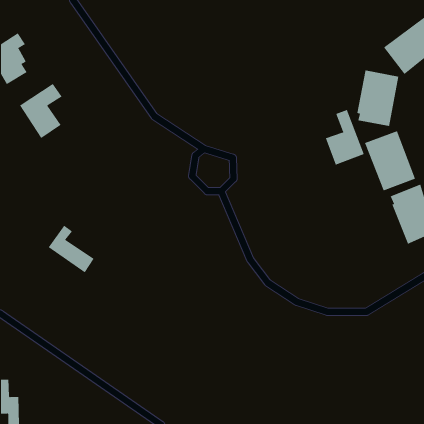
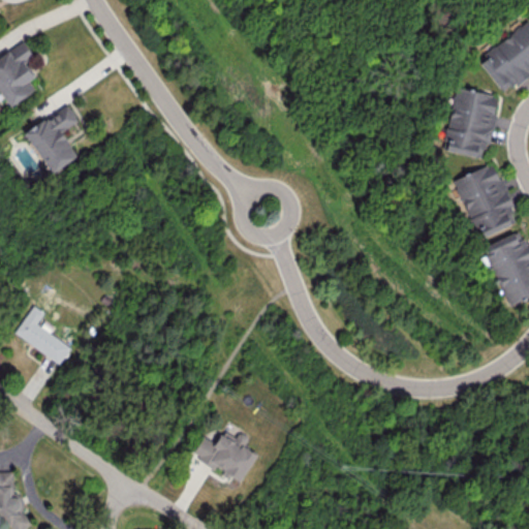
building: [325,109,364,166] -> none
building: [48,225,94,273] -> [13,305,71,365]
building: none -> [192,429,256,481]

